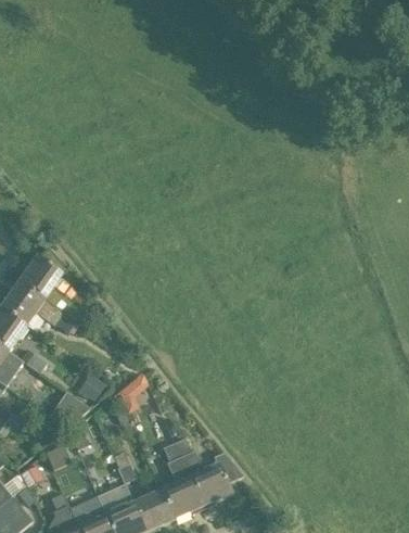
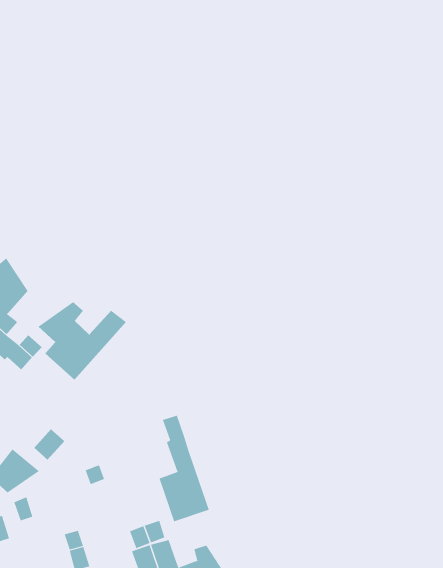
building: none -> [37,301,127,380]
building: none -> [159,415,210,522]

